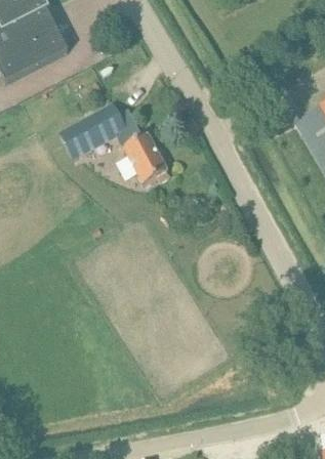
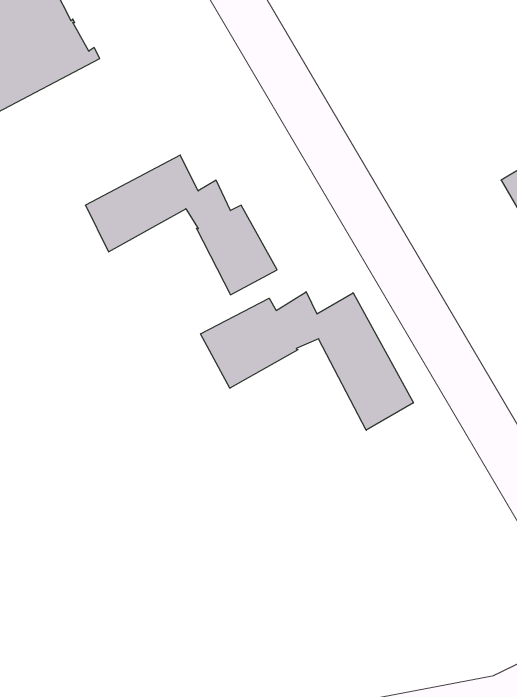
building: none -> [201,292,413,430]

